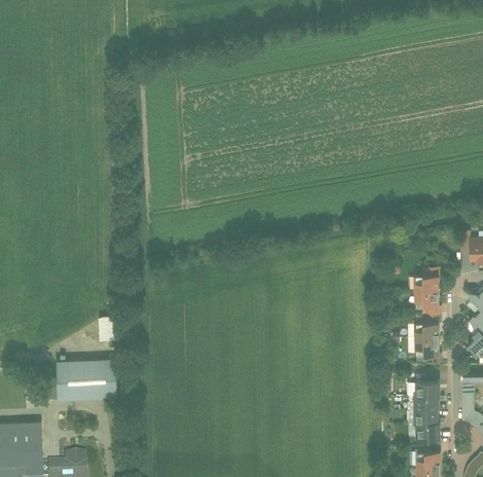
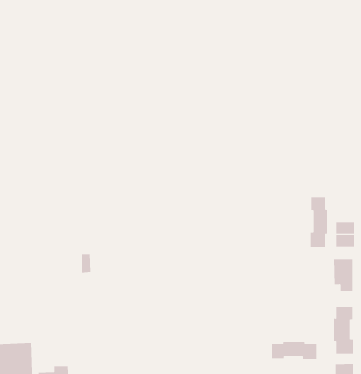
building: none -> [310,196,328,248]
building: [58,359,119,398] -> none
building: none -> [272,341,317,360]

